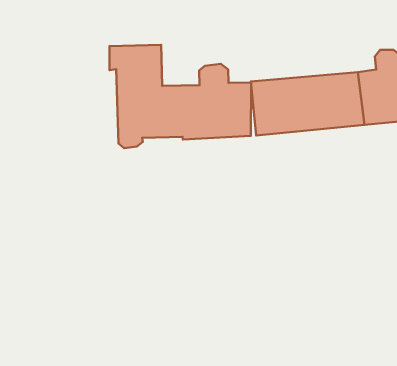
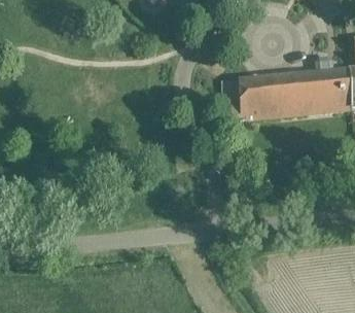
building: [109,45,251,148] -> none

